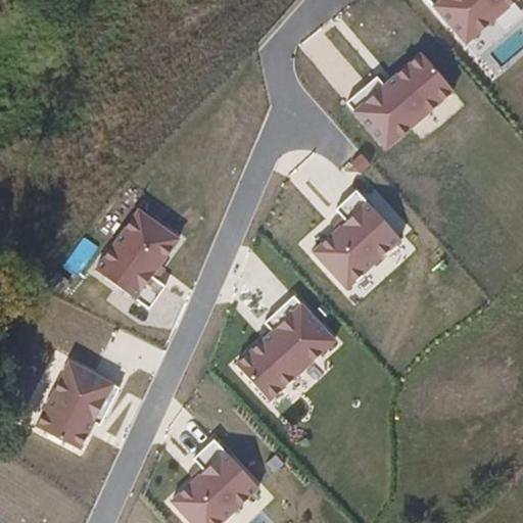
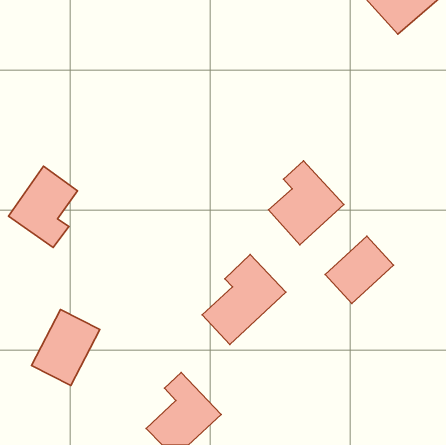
building: [347,53,454,147] -> none
building: [97,211,178,306] -> [8,166,78,248]
building: none -> [325,236,393,304]

